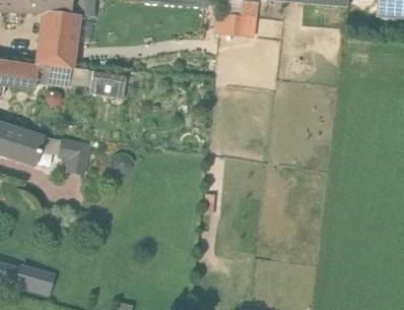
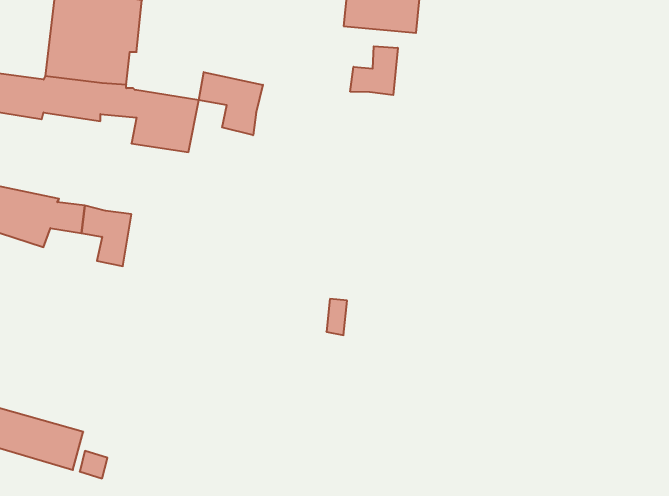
building: none -> [350,46,398,95]
building: none -> [199,72,263,135]

